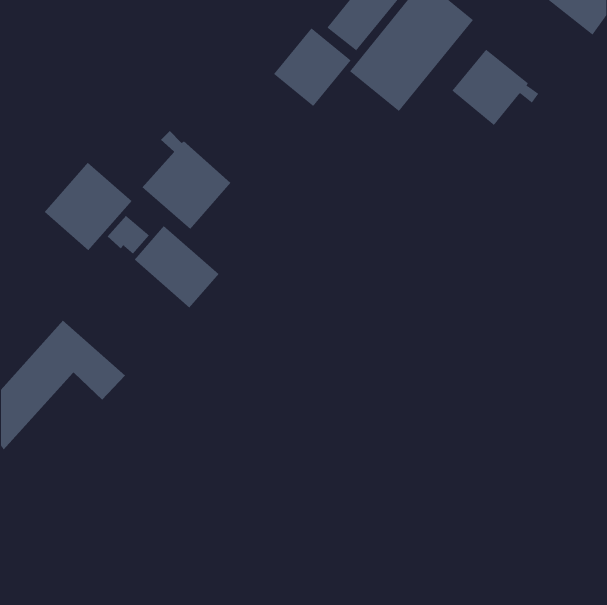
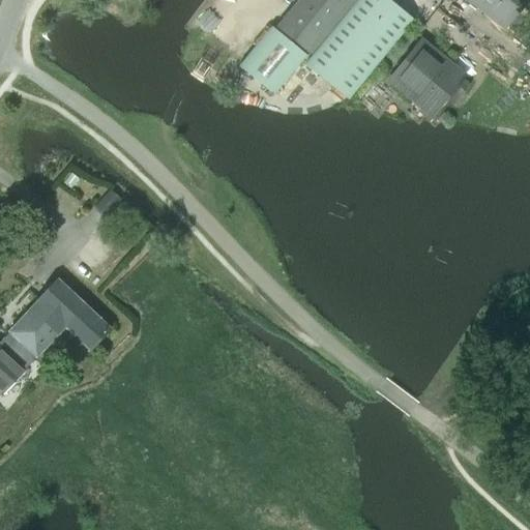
building: [142,130,231,230] -> none
building: [44,162,132,251] -> none
building: [134,225,220,309] -> none

